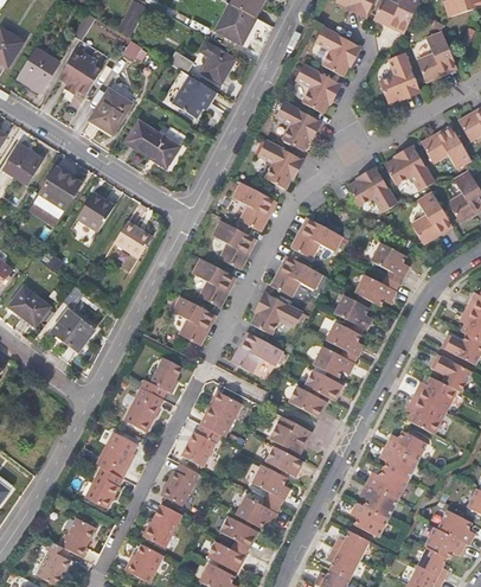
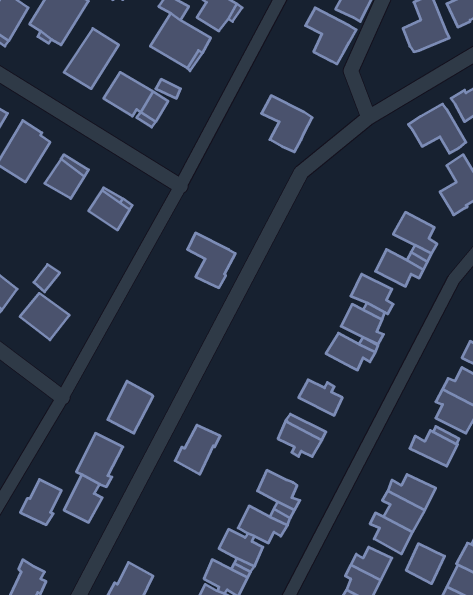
building: [275,102,319,151] -> none
building: [347,168,397,212] -> none
building: [232,181,274,231] -> none
building: [291,218,342,257] -> none
building: [213,219,255,269] -> none
building: [271,256,323,295] -> none
building: [252,293,303,334] -> none
building: [173,296,214,345] -> none
building: [232,332,284,372] -> none
building: [140,357,182,398] -> none
building: [306,369,344,400] -> none
building: [201,393,242,436] -> none
building: [267,445,304,476] -> none
building: [381,445,417,479] -> none
building: [161,464,199,506] -> none
building: [145,504,182,548] -> none
building: [60,518,96,557] -> [20,479,61,525]
building: none -> [406,544,445,584]

